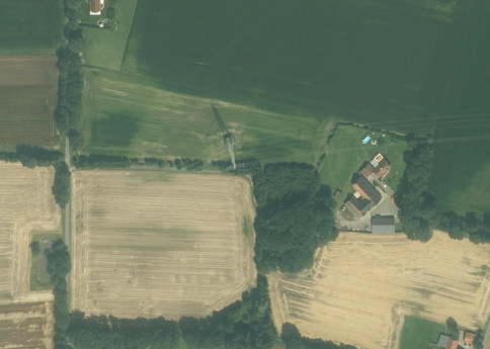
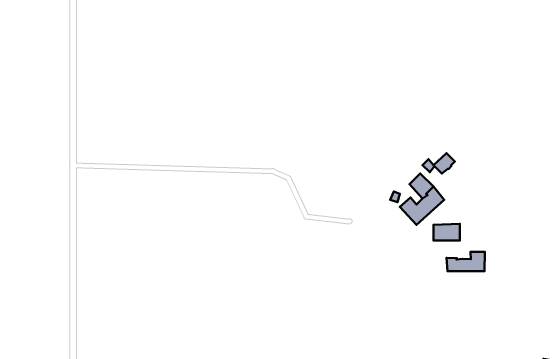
building: none -> [447,252,485,271]

